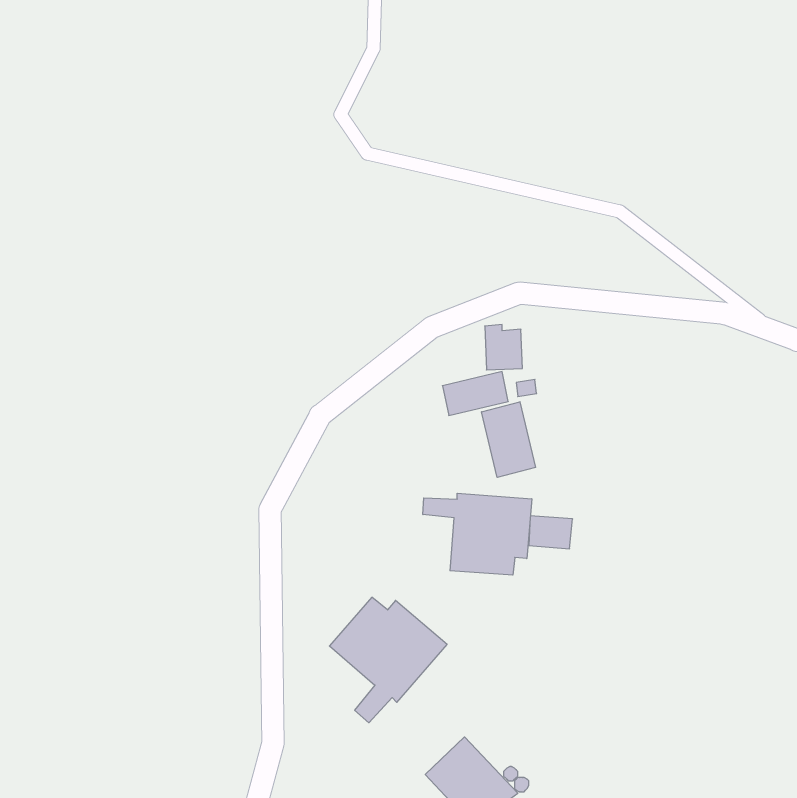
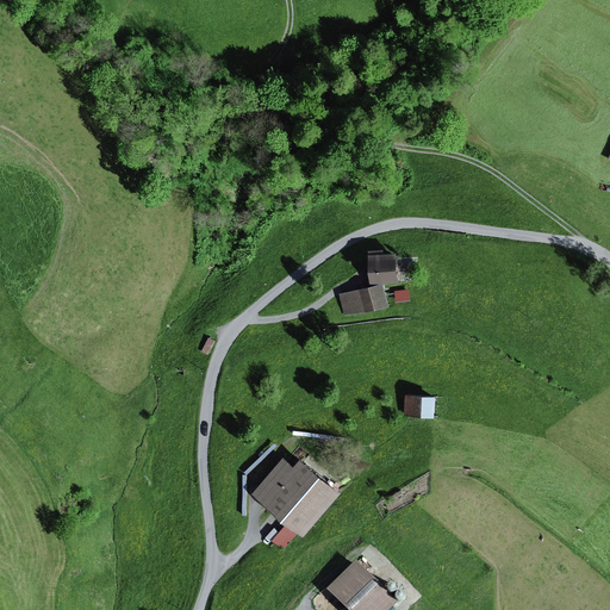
building: [482,402,535,477] -> none
building: [423,493,532,575] -> none

